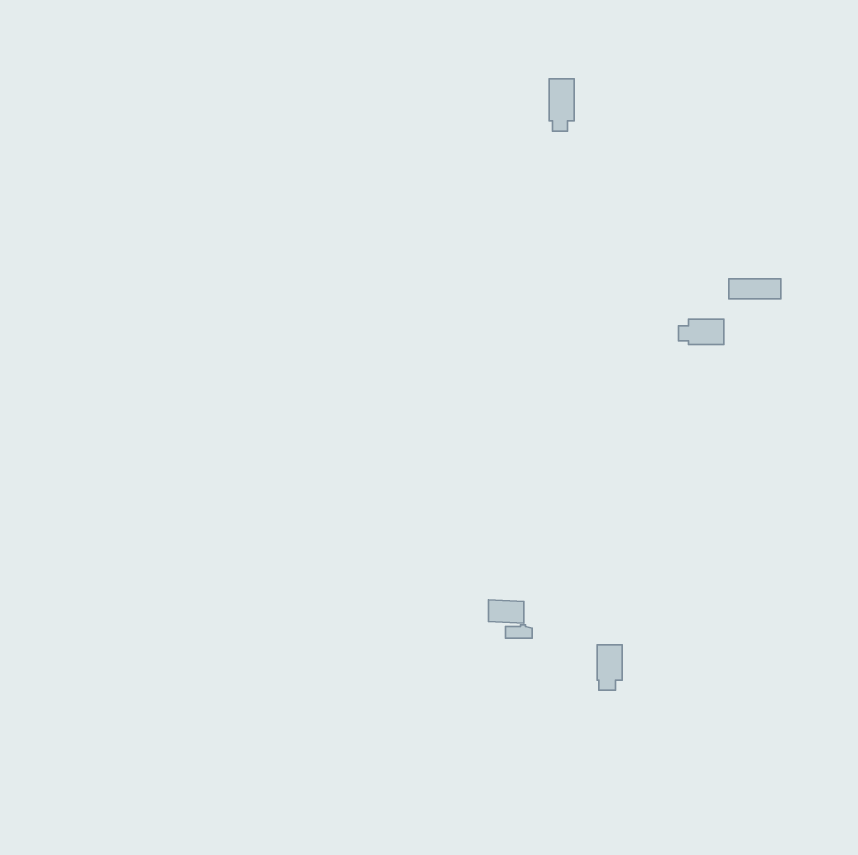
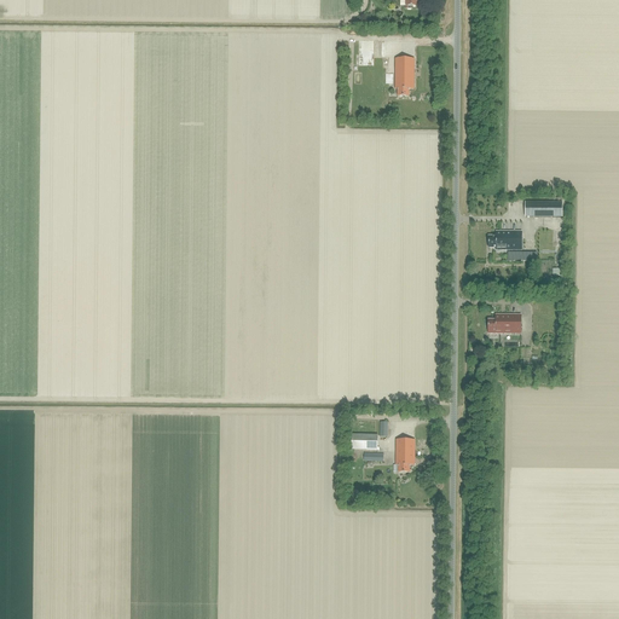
building: none -> [488,313,521,332]
building: [597,645,622,690] -> [397,438,415,470]

